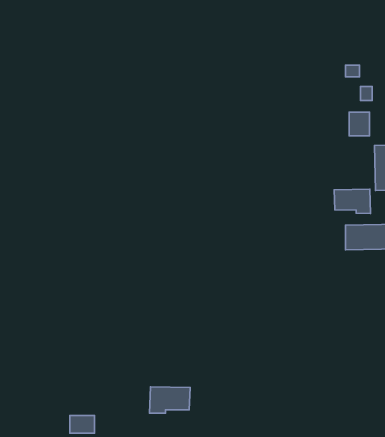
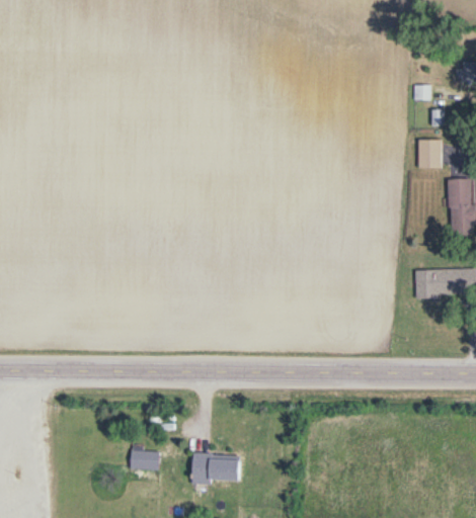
building: [334,189,371,213] -> none
building: [70,416,94,433] -> [128,451,156,471]

